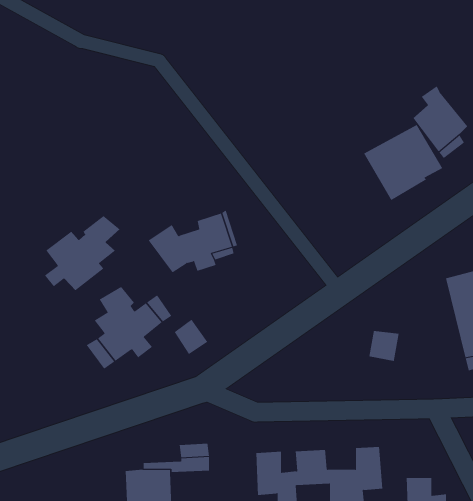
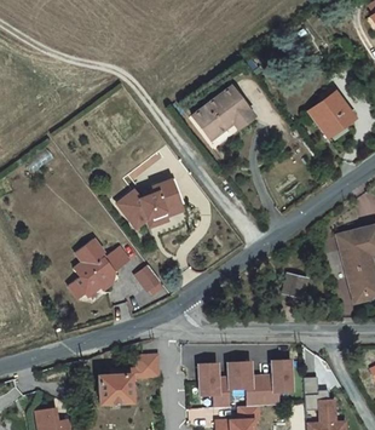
building: [363,124,443,201] -> [196,90,255,147]
building: [44,215,121,291] -> none

